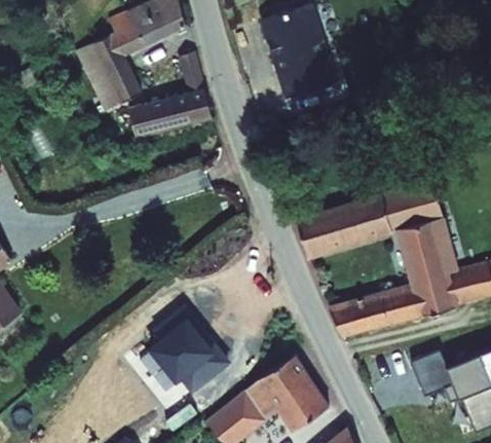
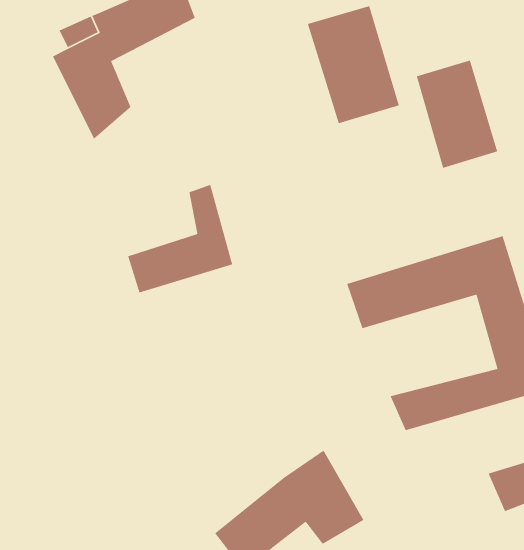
building: none -> [416,60,498,169]
building: [128,49,212,136] -> [127,184,233,294]
building: [140,312,218,392] -> none

